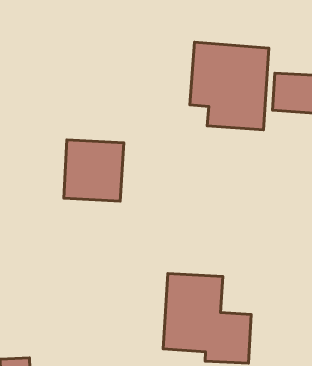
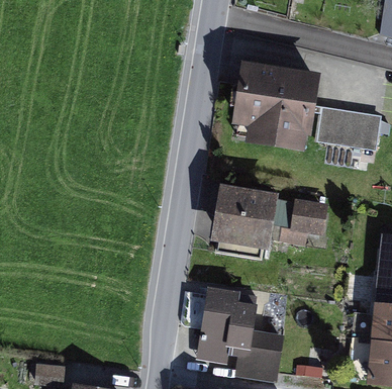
building: [64,140,124,201] -> [212,186,274,249]
building: none -> [291,198,329,233]

